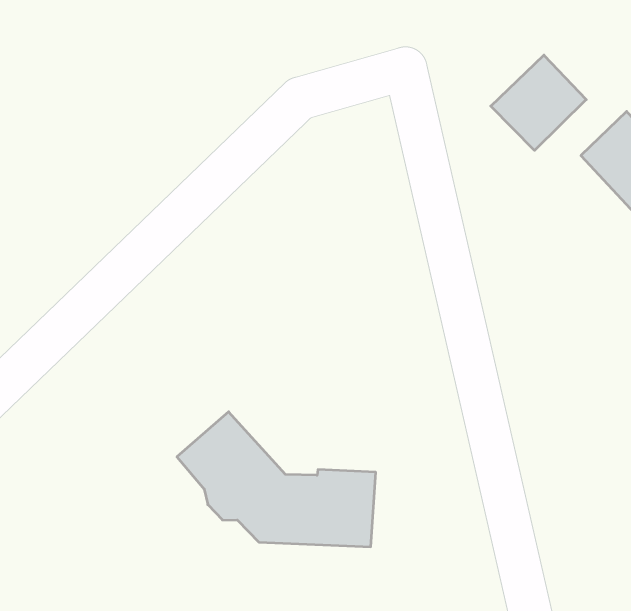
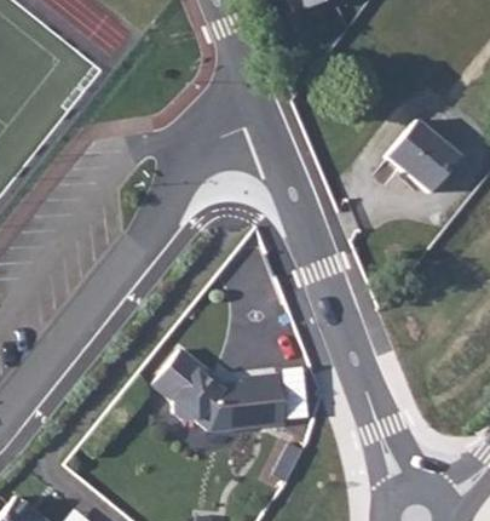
building: [491,55,586,150] -> none

